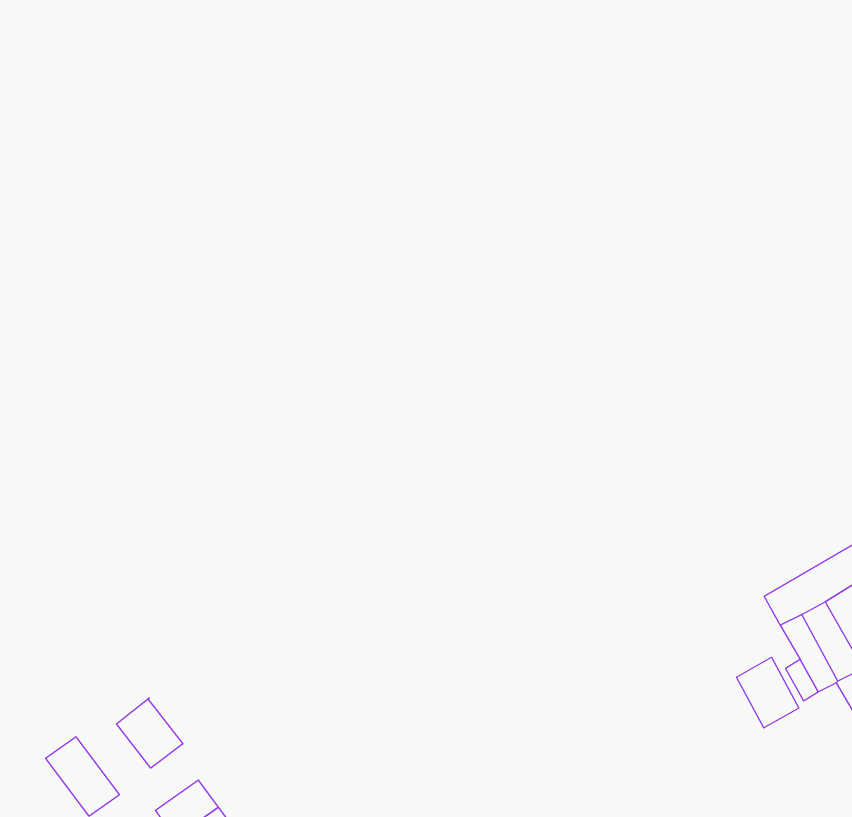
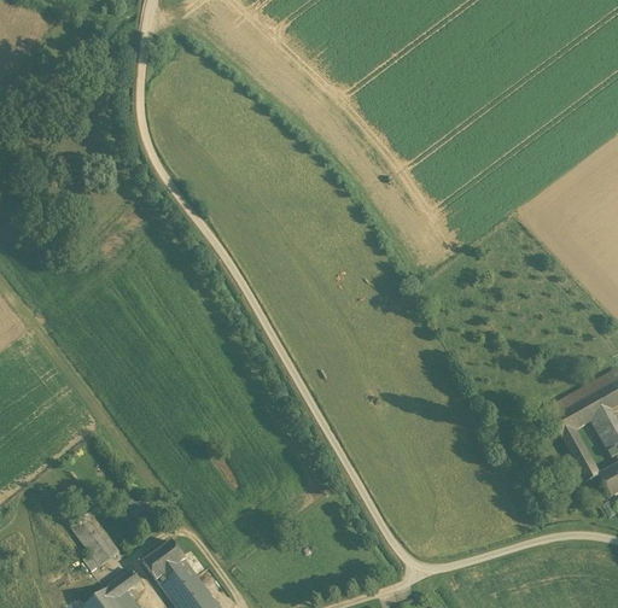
building: [737,657,799,728] -> none
building: [116,698,183,768] -> none

